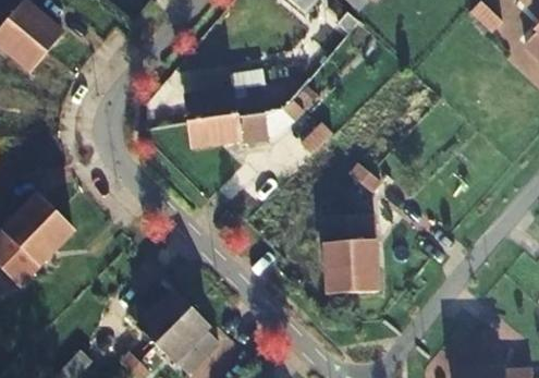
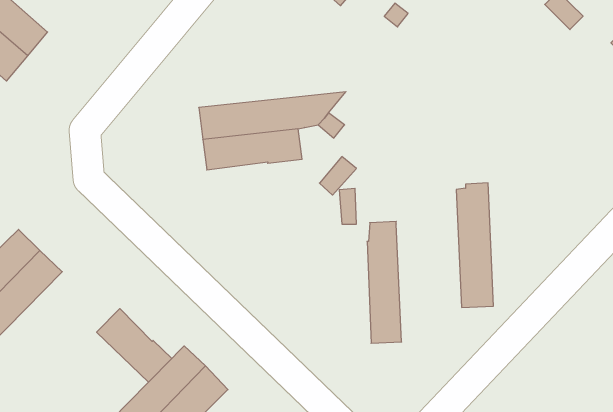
building: [347,188,378,291] -> [456,183,493,307]
building: none -> [97,309,172,382]

